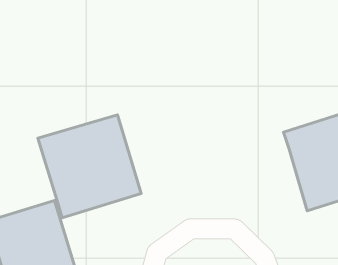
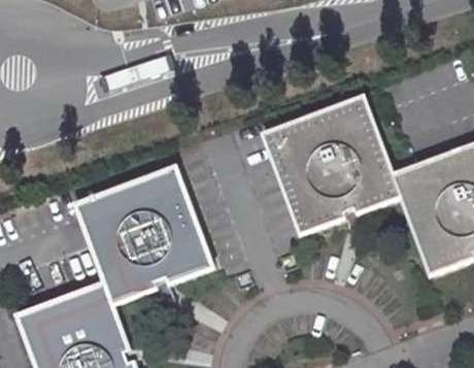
building: none -> [262,98,399,233]

